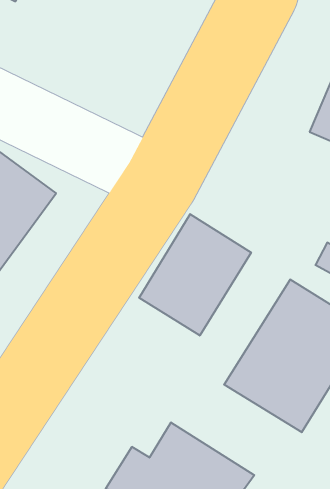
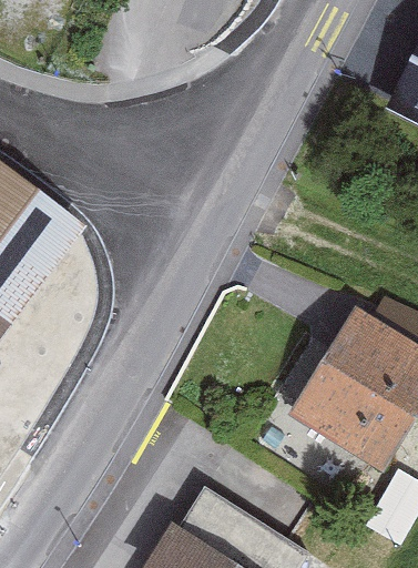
building: [139,214,251,336] -> none

